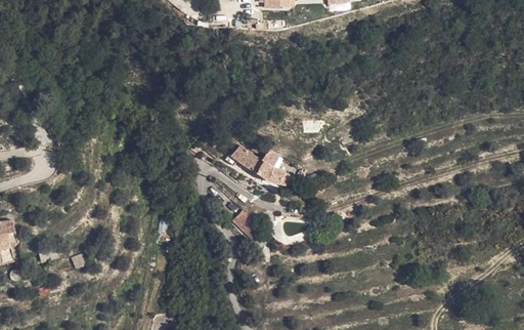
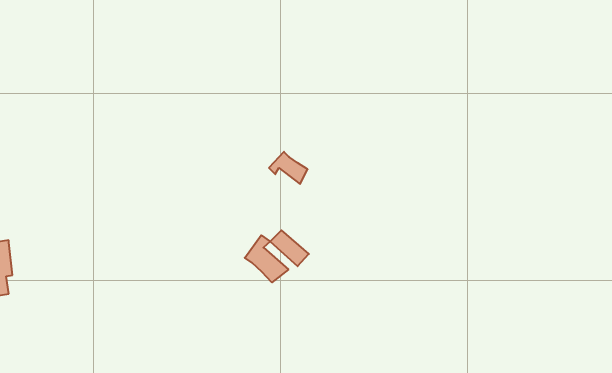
building: [253,152,285,185] -> none
building: none -> [245,235,288,282]

